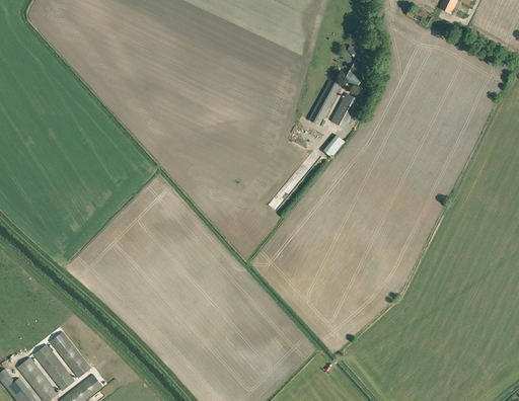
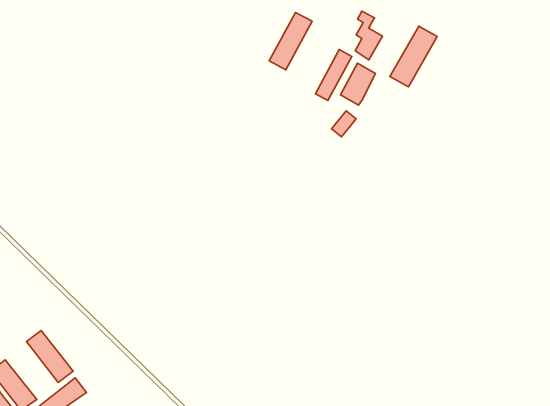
building: none -> [269,12,312,70]
building: none -> [390,26,437,87]
building: [32,344,74,391] -> none

